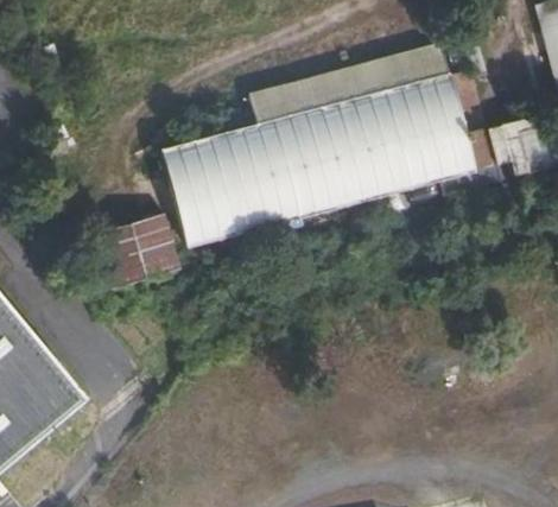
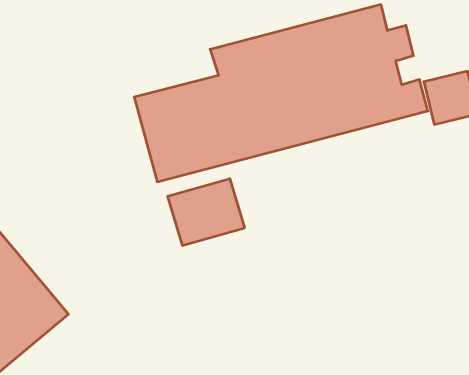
building: [95,213,183,289] -> [168,179,245,245]

